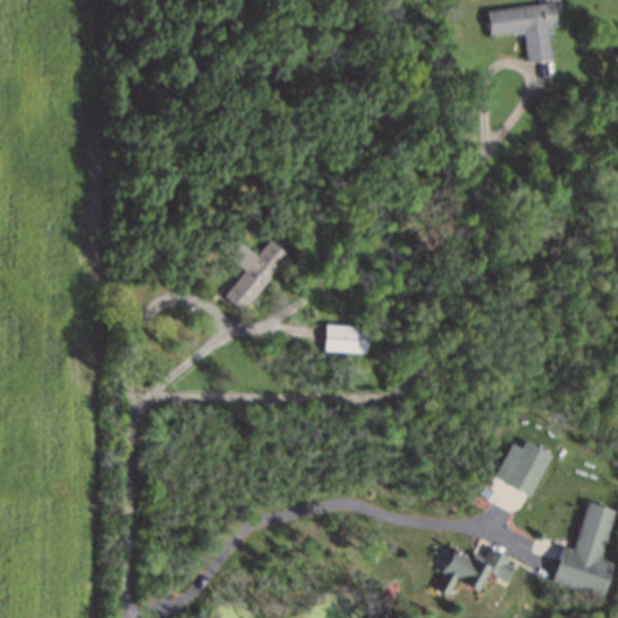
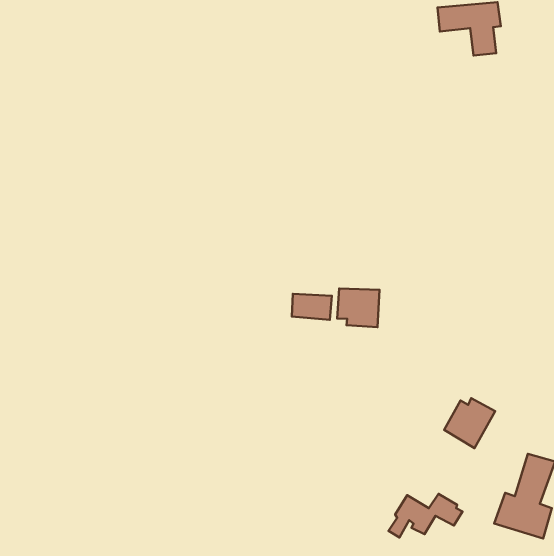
building: [217,233,287,311] -> none
building: none -> [337,289,380,327]

